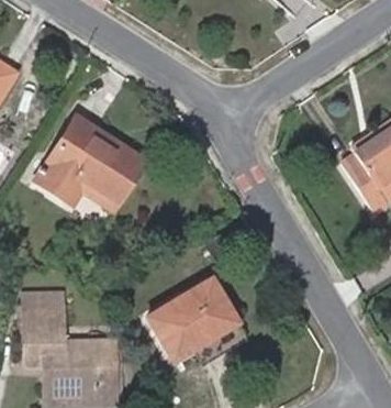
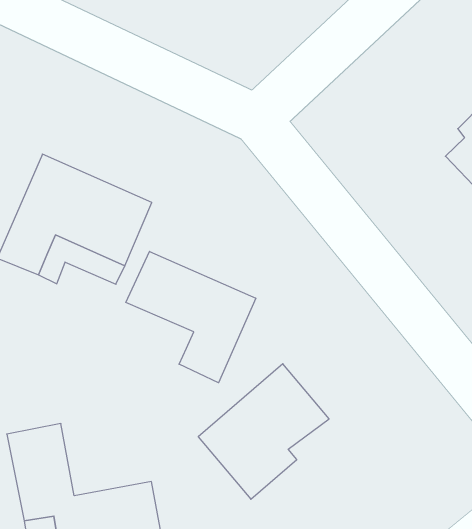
building: none -> [126,251,256,383]

